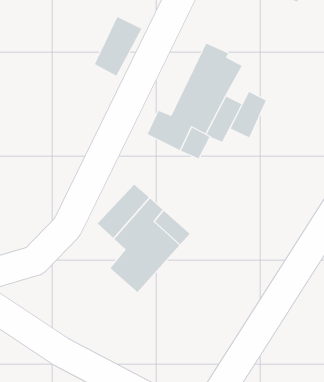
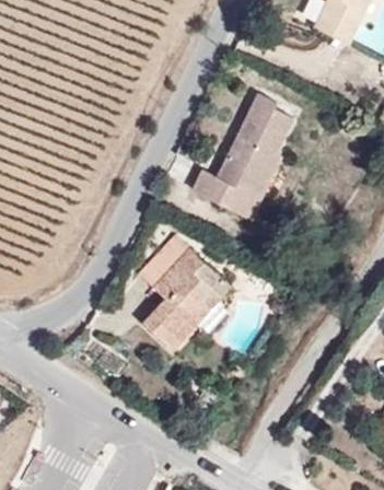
building: [94,16,142,76] -> none
building: [230,91,267,138] -> none

